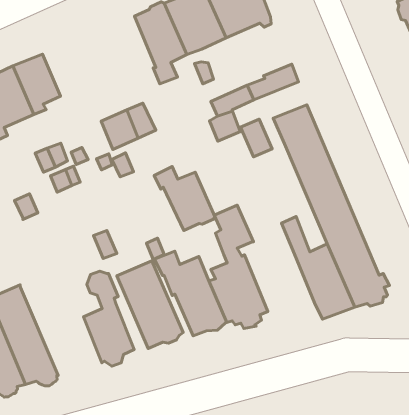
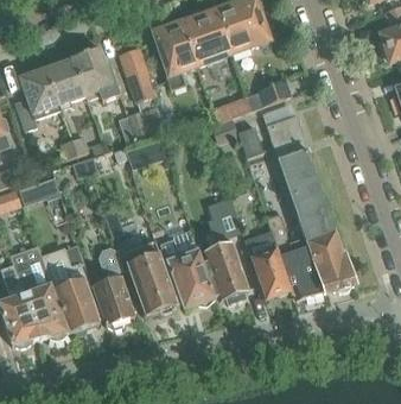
building: none -> [121,46,158,101]
building: none -> [72,48,121,102]
building: [154,166,215,231] -> none
building: none -> [249,244,291,296]
building: none -> [40,244,100,335]

